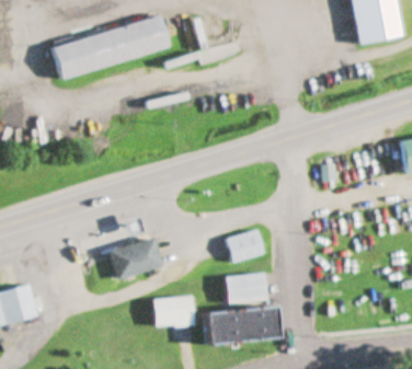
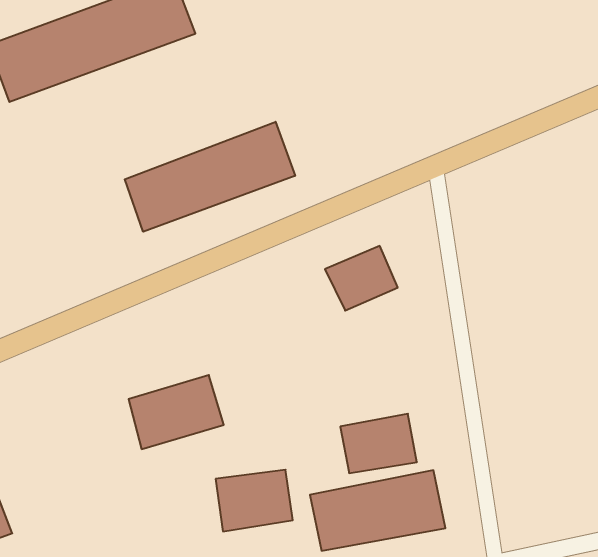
building: none -> [125,122,295,232]
building: [226,229,265,263] -> [325,246,398,311]

